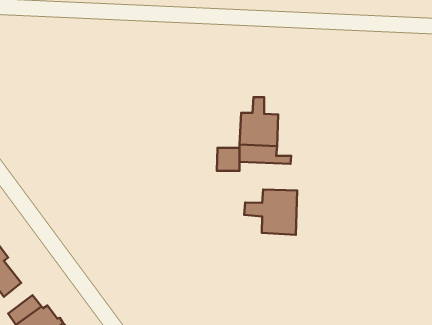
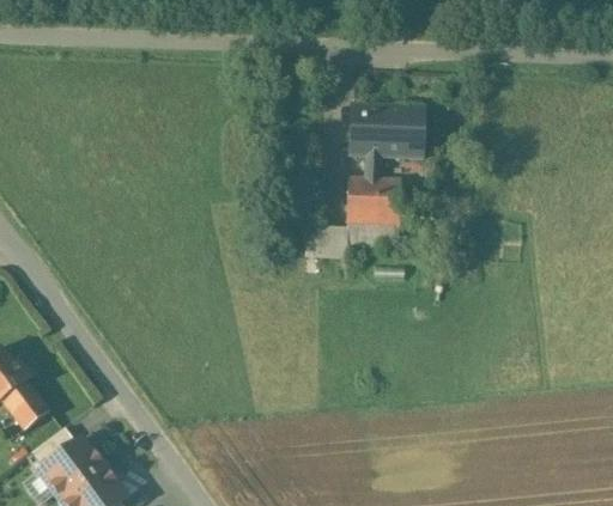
building: none -> [350,104,423,158]
building: [244,190,297,235] -> none

